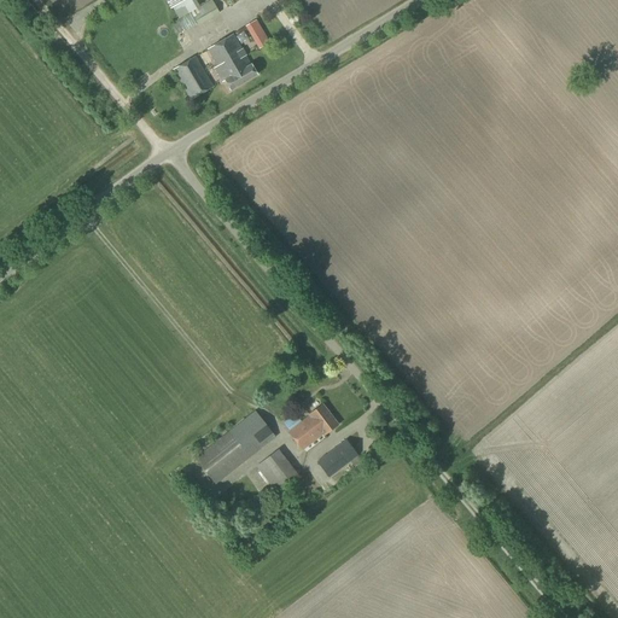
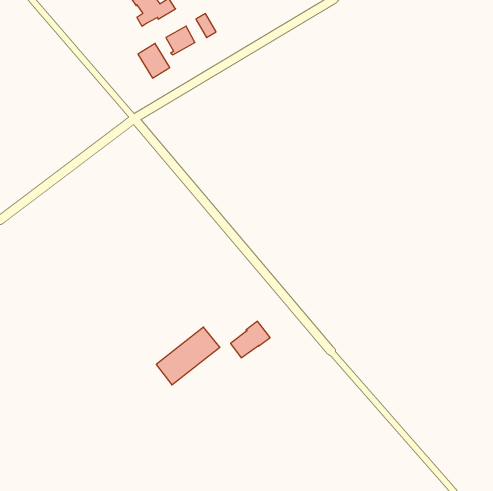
building: [216,53,257,88] -> none
building: [316,438,361,476] -> none
building: [256,448,297,489] -> none

